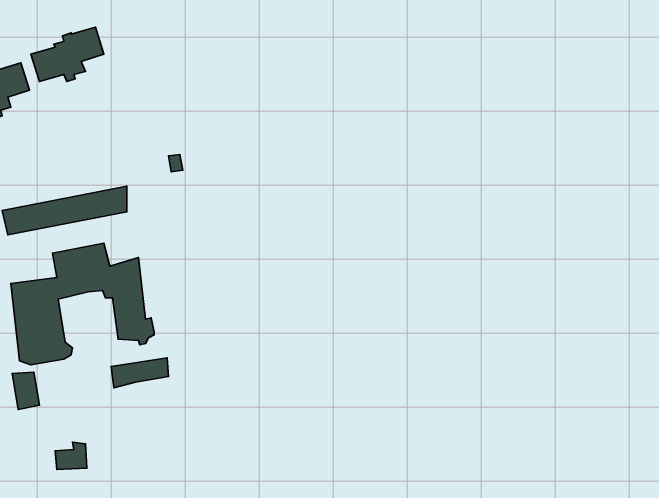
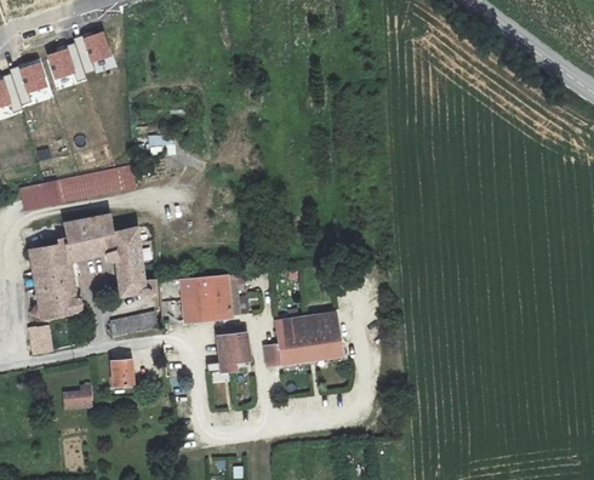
building: none -> [179,275,246,322]
building: none -> [264,312,341,362]
building: none -> [210,332,249,382]
building: none -> [109,361,135,392]

